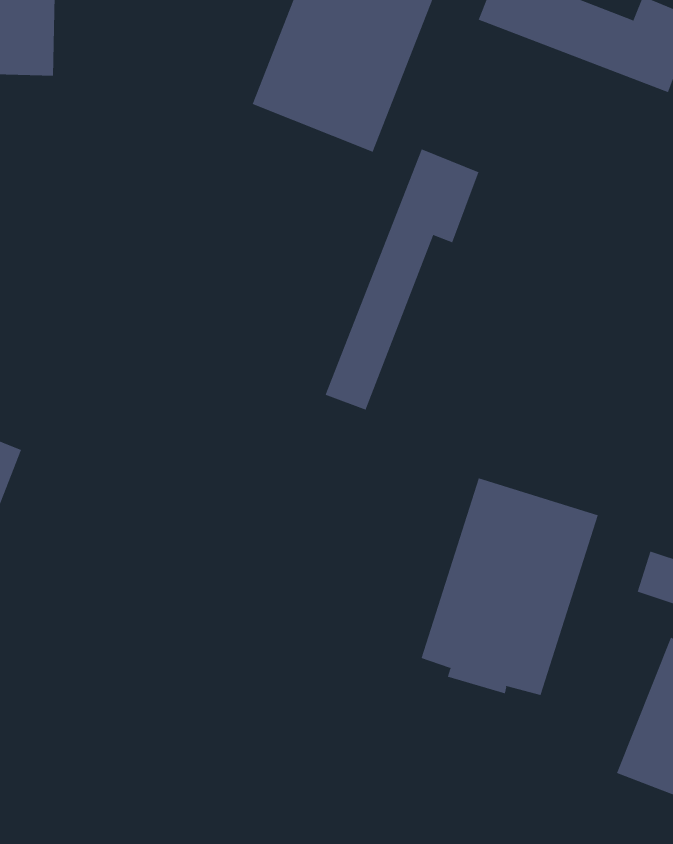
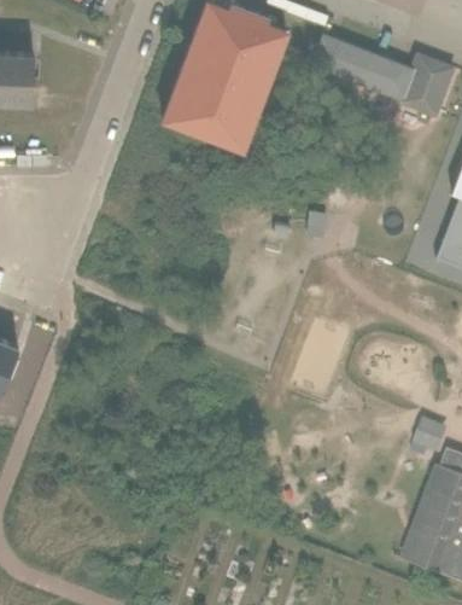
building: [325,148,479,410] -> none
building: [421,477,598,696] -> none

